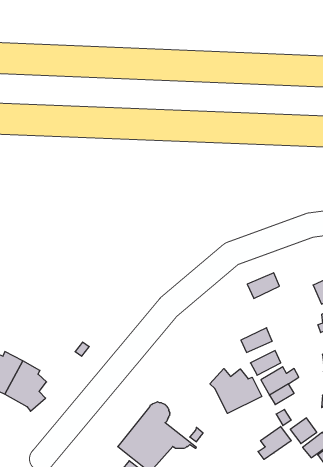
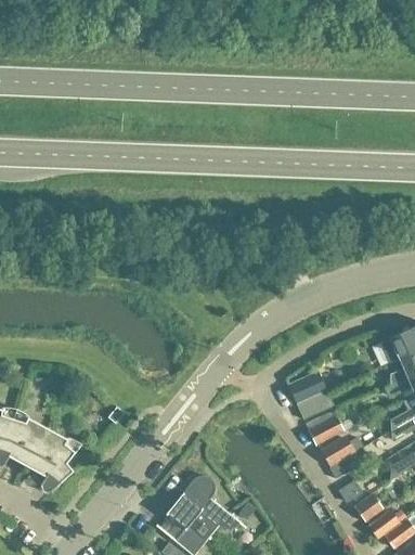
building: [247,273,279,298] -> [289,375,326,404]
building: [210,369,262,413] -> none
building: [258,426,291,459] -> none

